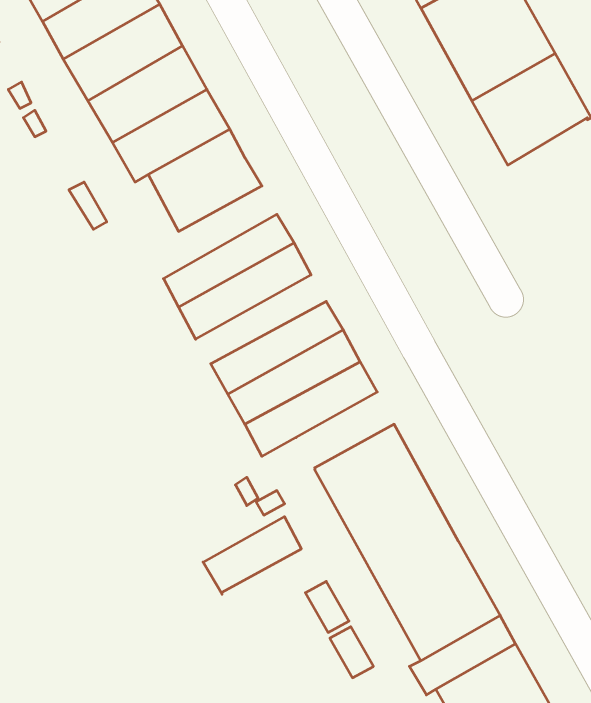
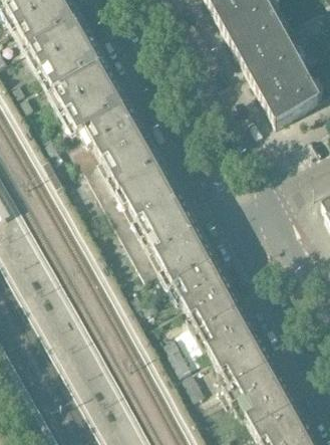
building: none -> [87,139,156,188]
building: none -> [113,186,183,233]
building: [203,517,301,594] -> [167,248,219,289]

